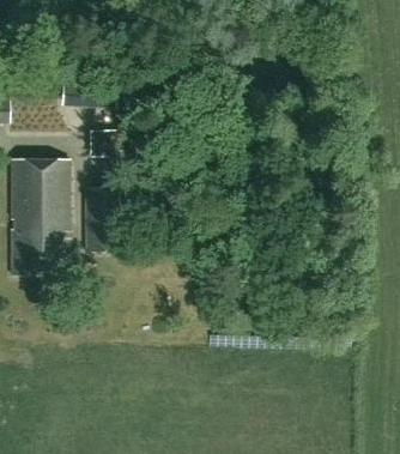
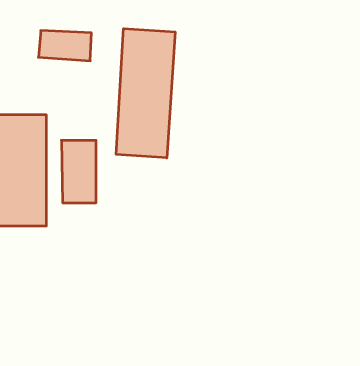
building: none -> [116,29,175,158]

